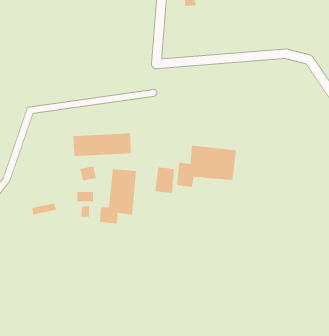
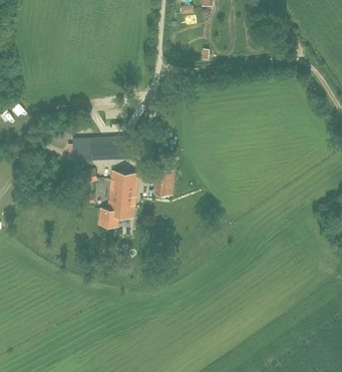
building: [177,145,236,188] -> none

